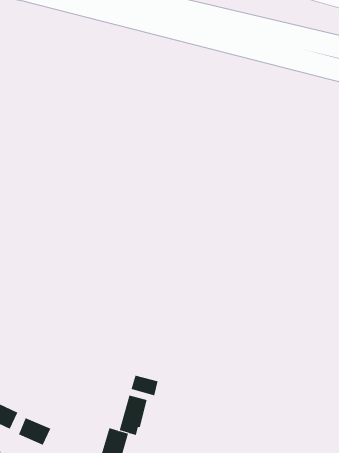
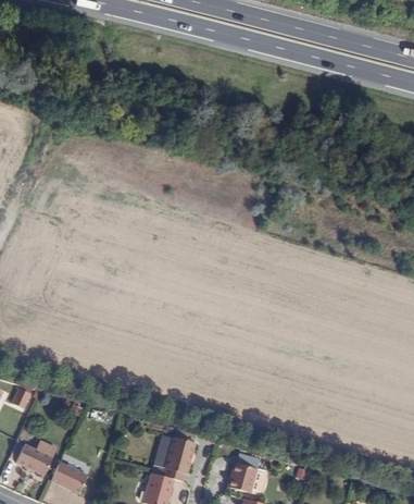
building: [131,375,158,396] -> none
building: none -> [228,463,256,493]

